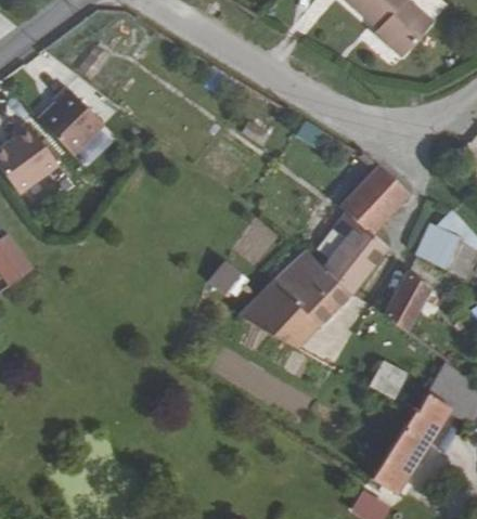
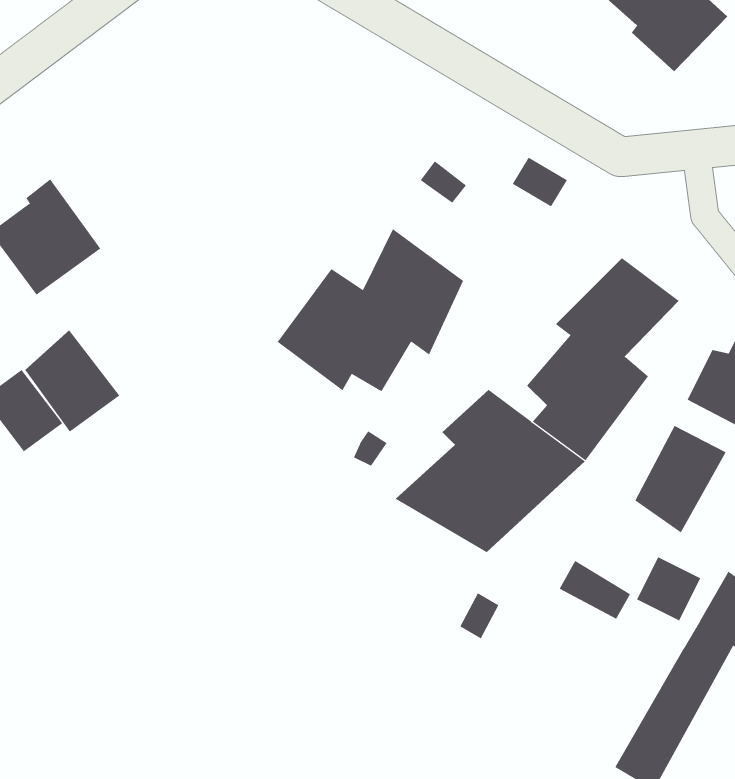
building: [39,89,104,156] -> none
building: none -> [277,228,464,392]
building: none -> [25,329,120,432]

